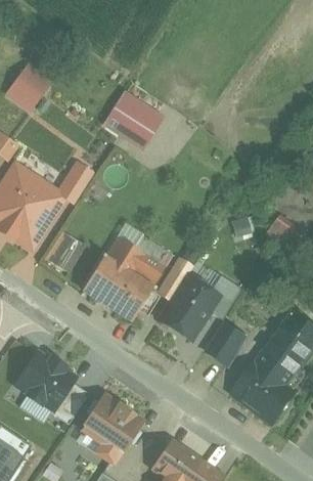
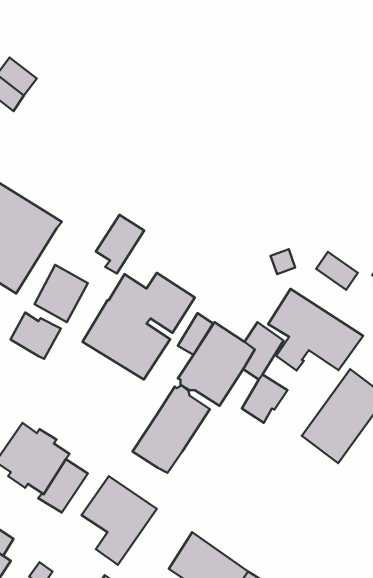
building: [103,91,158,145] -> none
building: [56,160,94,206] -> [96,215,144,274]
building: none -> [268,289,363,370]
building: none -> [11,312,61,359]
building: none -> [133,385,210,473]
building: [233,362,293,421] -> none

